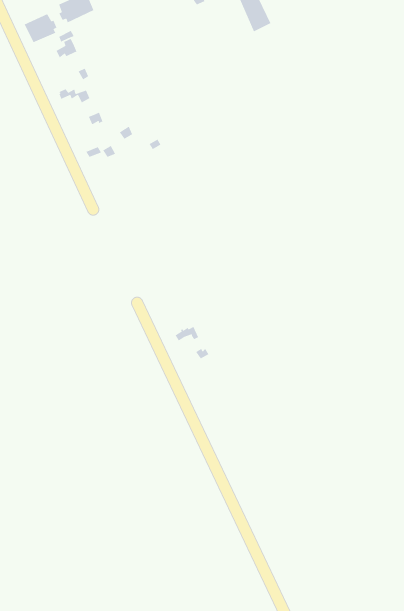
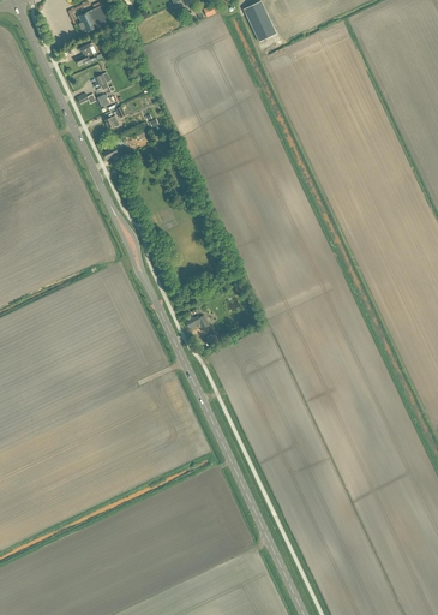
building: [24,13,57,43] -> none

